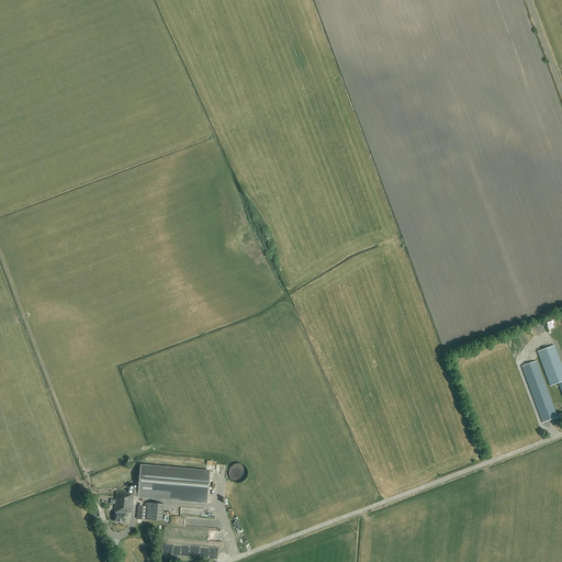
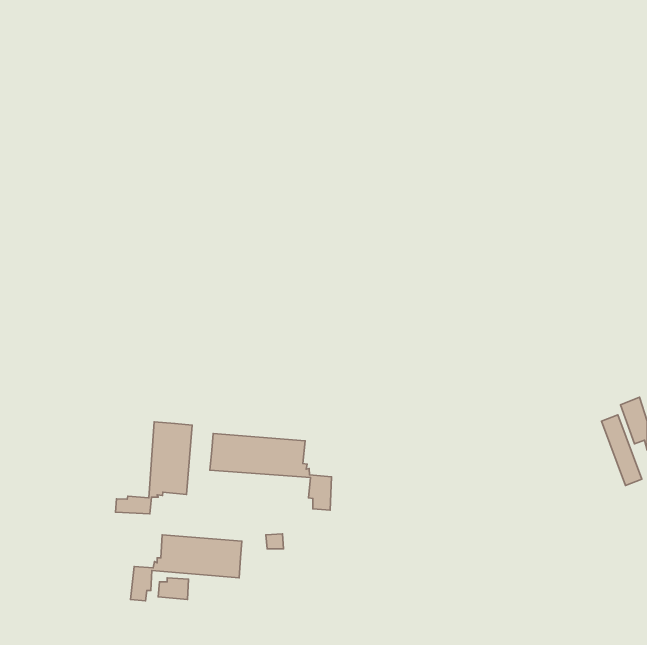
building: none -> [116,422,192,514]
building: none -> [210,434,331,510]

